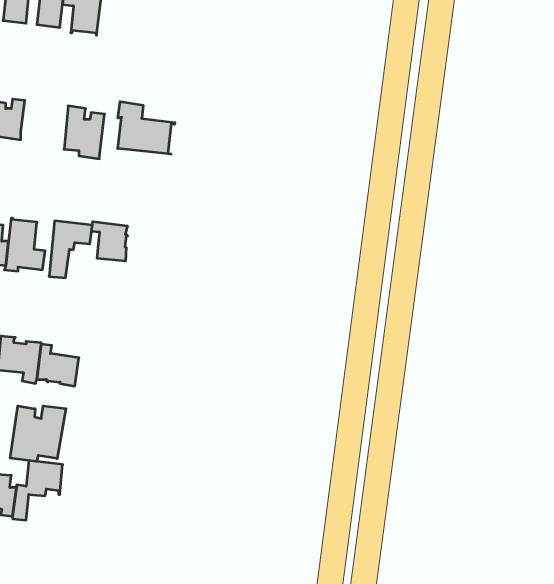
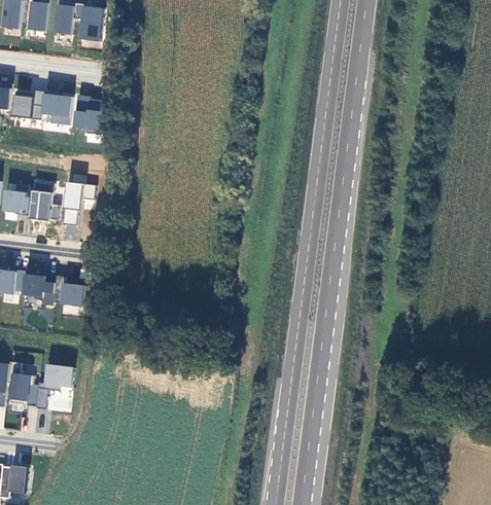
building: none -> [40,91,71,124]
building: [118,102,175,154] -> none
building: [92,222,128,261] -> none
building: [10,406,66,461] -> none

